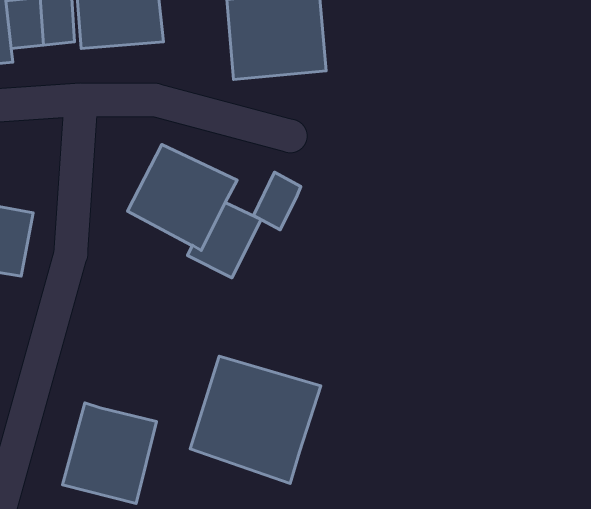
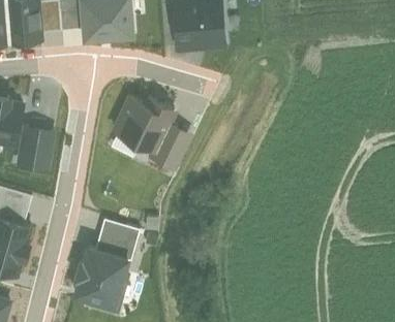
building: [254,172,301,230] -> none
building: [190,356,321,483] -> none
building: none -> [94,221,136,258]

